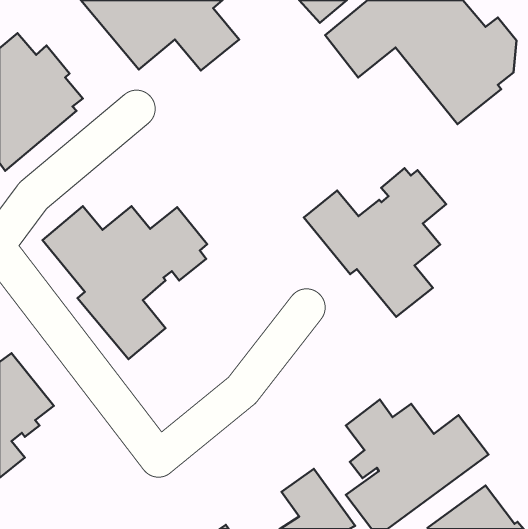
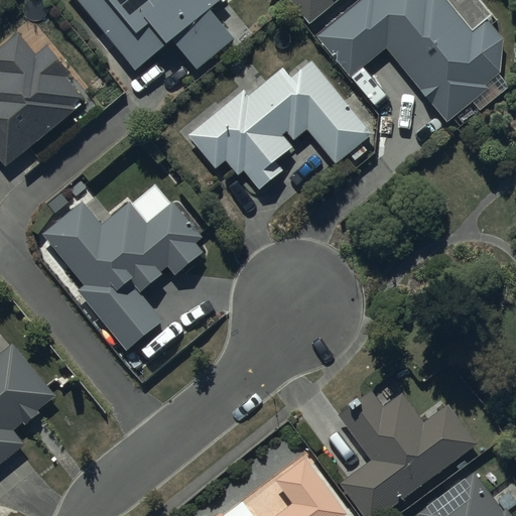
building: none -> [187,57,372,187]
building: [304,168,446,317] -> none

